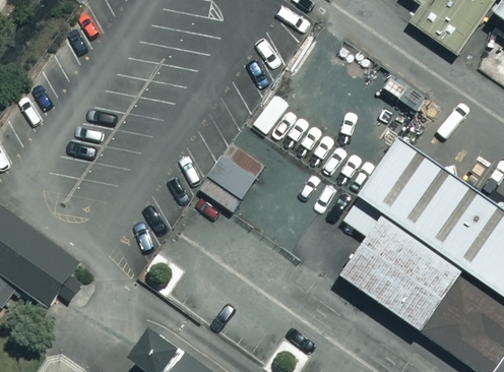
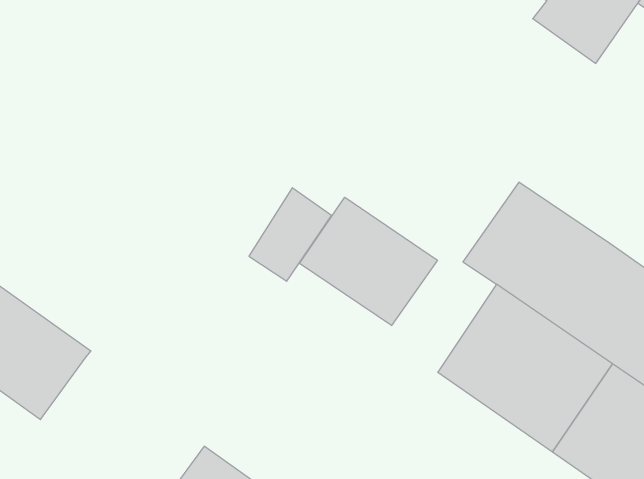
building: none -> [299,197,437,326]

